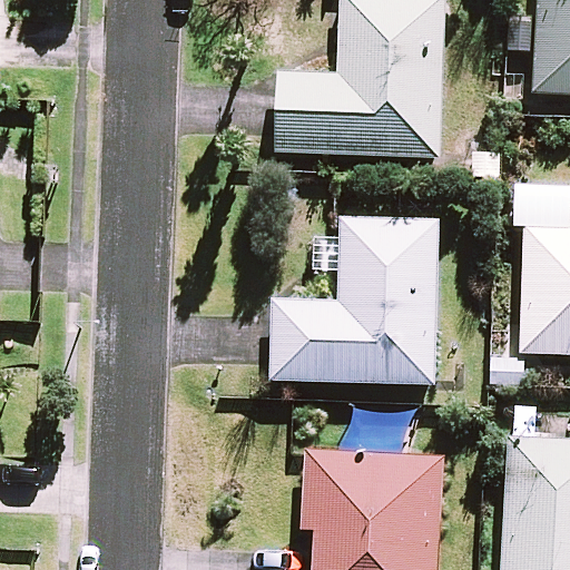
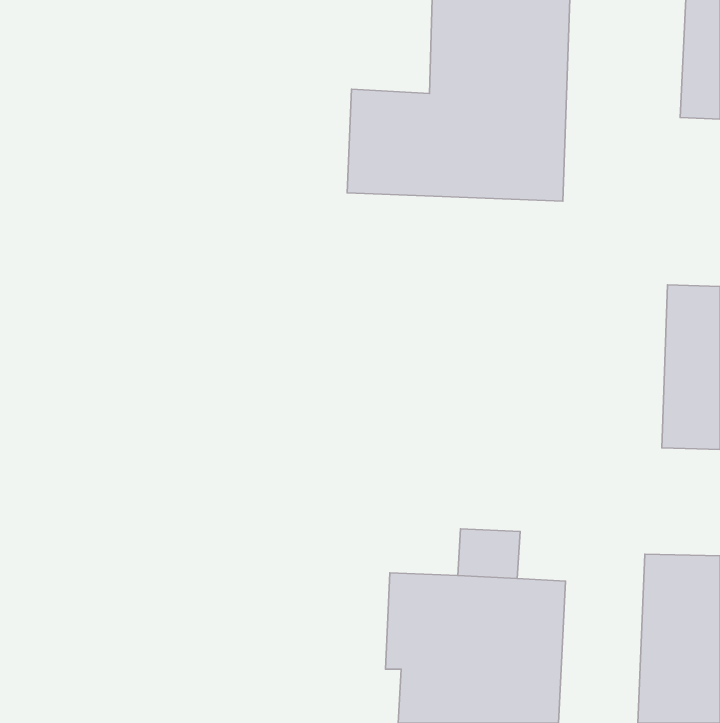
building: [269,217,441,384] -> none

